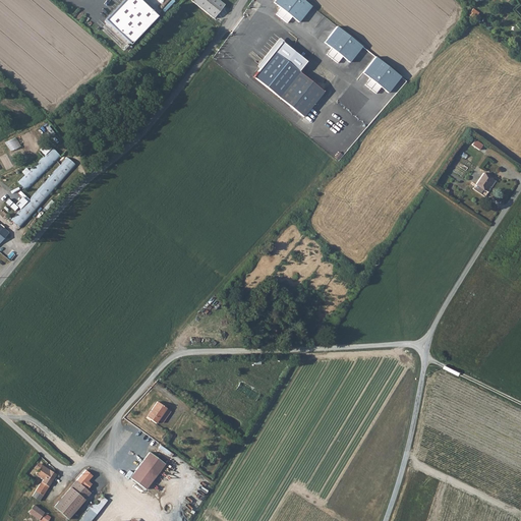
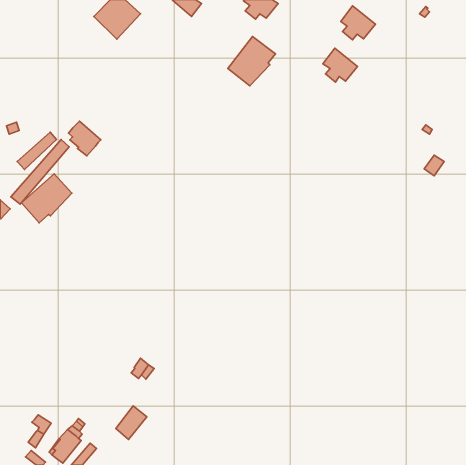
building: [323,23,361,61] -> [341,6,375,40]
building: [279,72,323,115] -> none
building: none -> [68,121,101,156]
building: none -> [22,174,72,223]

